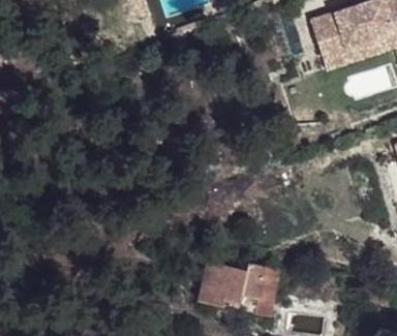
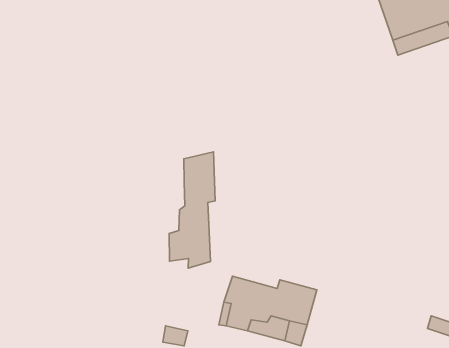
building: none -> [169,152,215,268]

